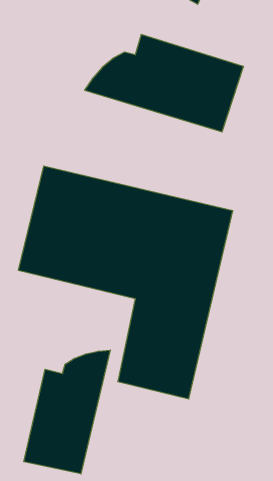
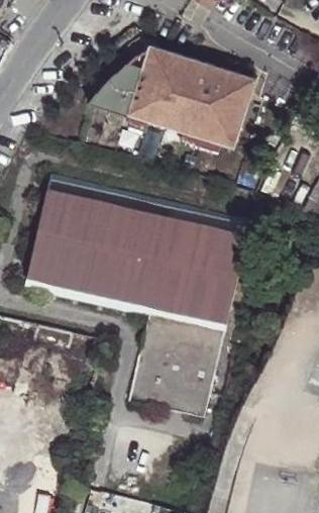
building: [24,350,110,474] -> none

